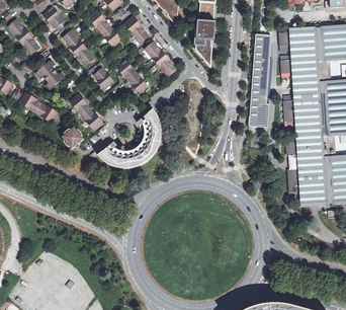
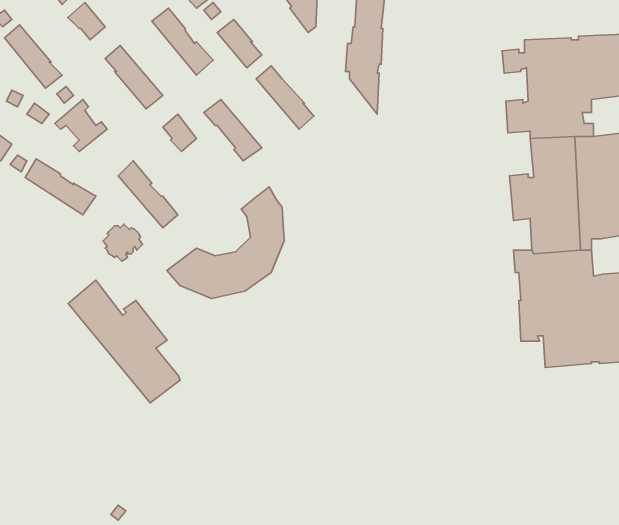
building: [248,33,271,127] -> none
building: none -> [68,280,180,403]

